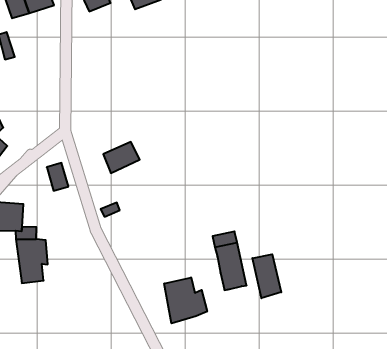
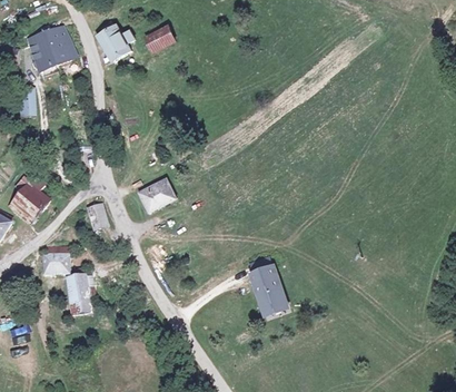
building: [252,254,281,298] -> none
building: [164,277,207,323] -> none

